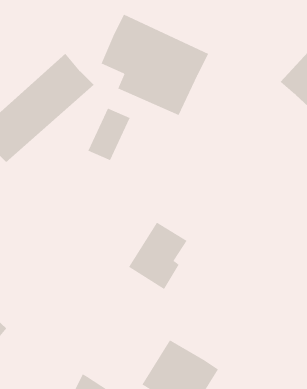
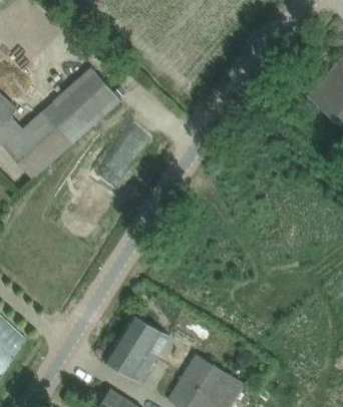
building: [101,14,209,116] -> none
building: [128,222,187,290] -> [103,314,162,382]

